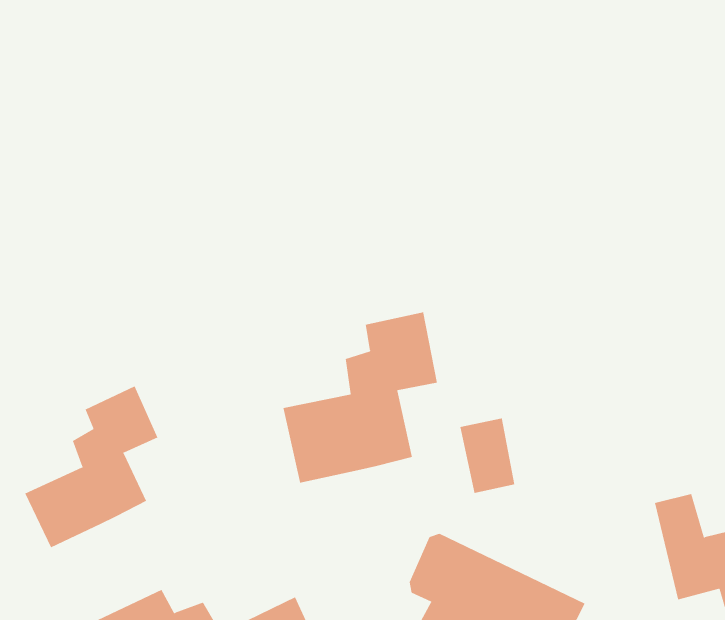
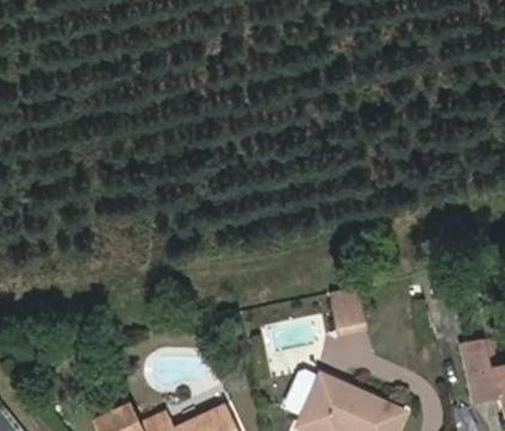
building: [283,312,437,483] -> none
building: [24,386,158,548] -> none

